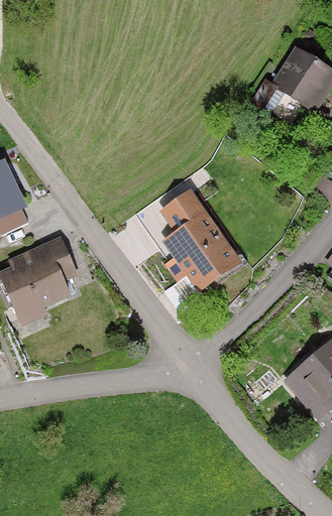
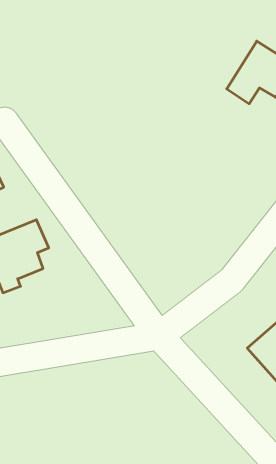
building: [164,192,238,288] -> none

